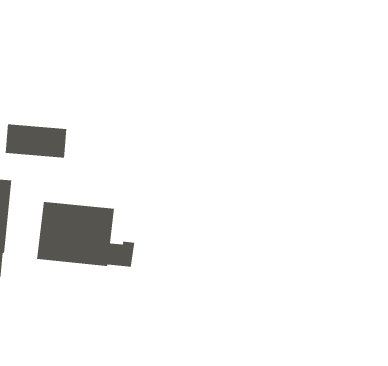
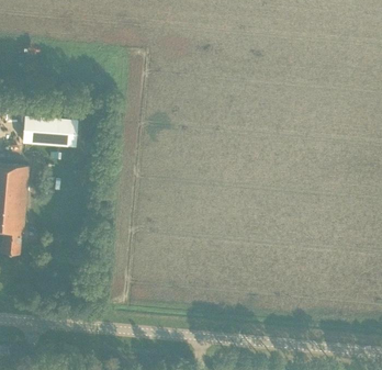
building: [37,201,135,268] -> none

